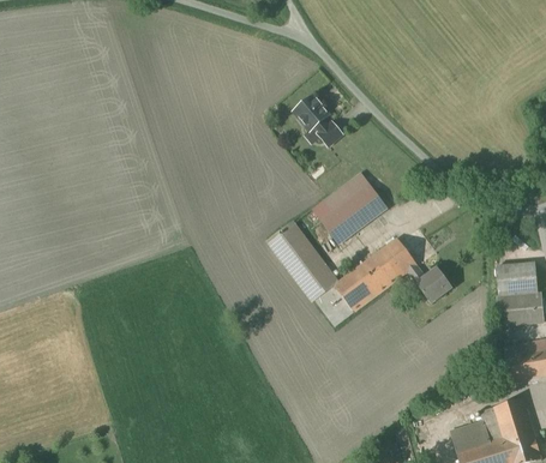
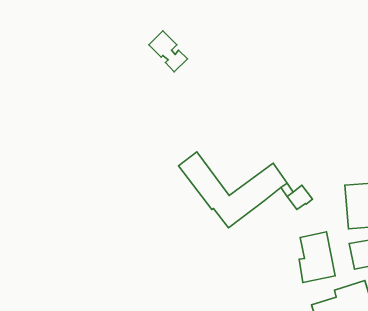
building: [290,95,343,151] -> [149,31,187,72]
building: [312,172,388,242] -> none
building: none -> [299,232,335,282]

